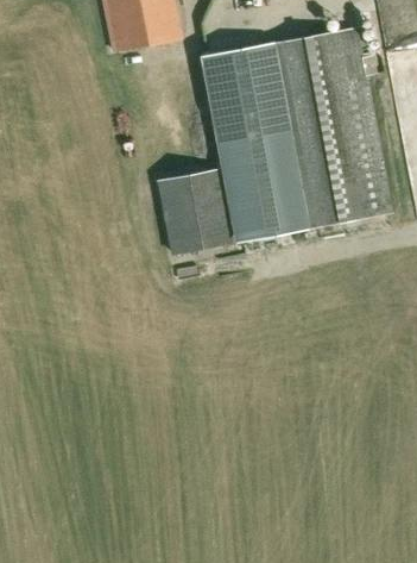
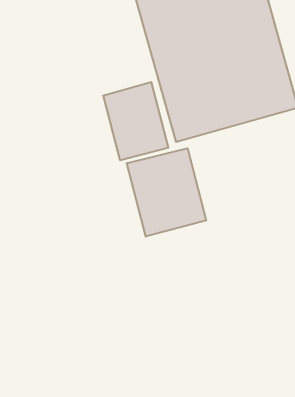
building: none -> [127,148,206,237]

